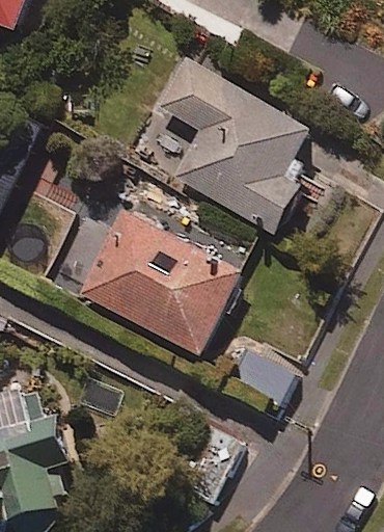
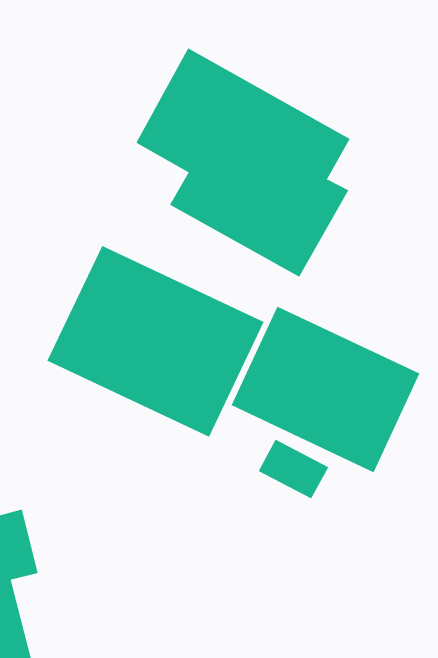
building: none -> [231,306,420,473]

